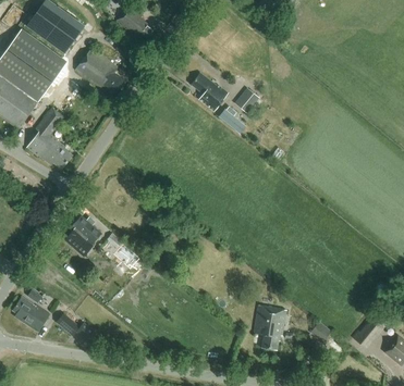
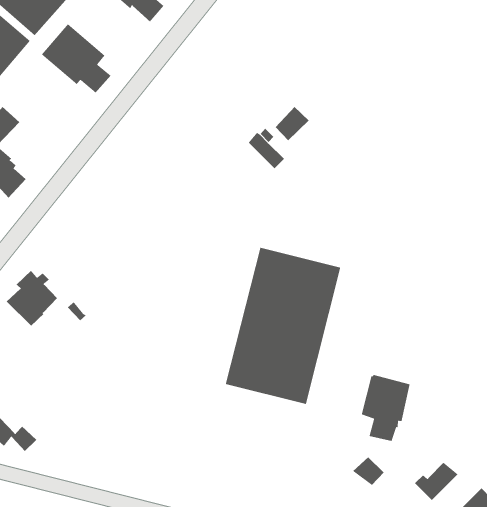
building: [191,72,228,111] -> none
building: none -> [225,247,341,405]
building: [254,304,285,349] -> [361,374,410,442]

